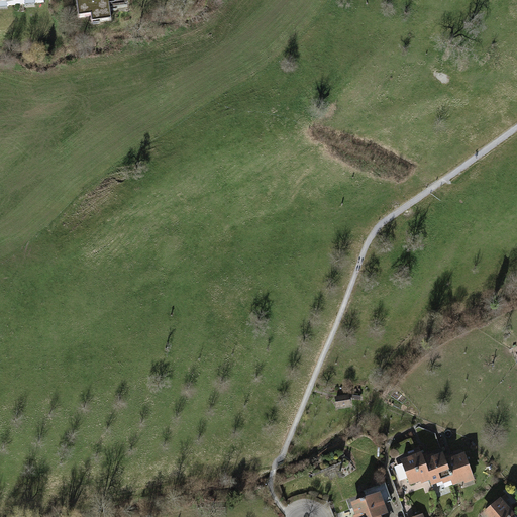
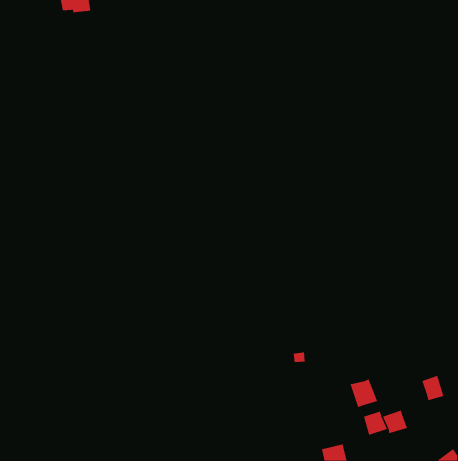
building: none -> [350,378,378,408]
building: [446,454,472,483] -> [421,375,444,401]

